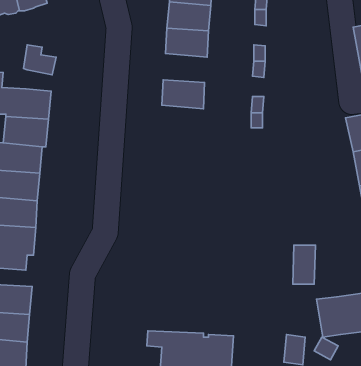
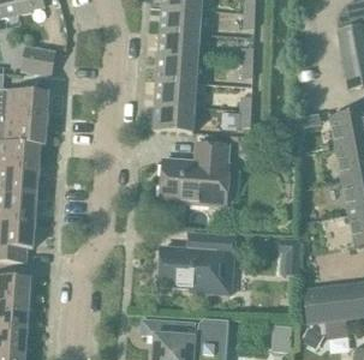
building: none -> [156,55,198,83]
building: none -> [153,104,195,132]
building: none -> [161,143,226,215]
building: none -> [159,233,233,293]

